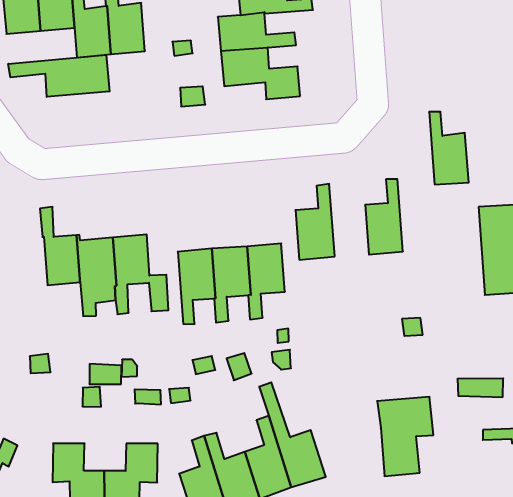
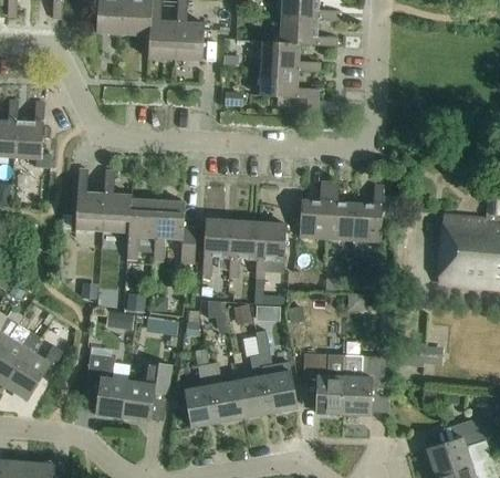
building: [8,55,110,97] -> none
building: [429,112,469,184] -> [326,181,355,240]
building: none -> [74,168,104,230]
building: none -> [302,353,344,413]

